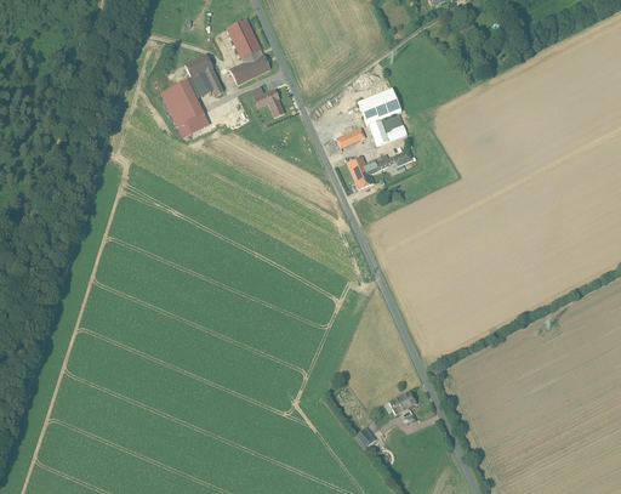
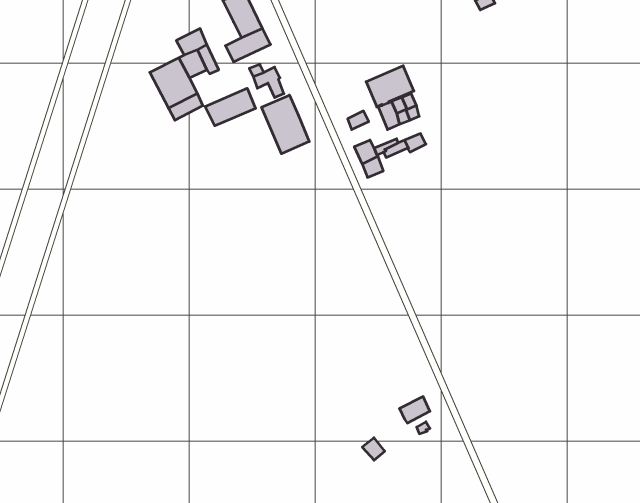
building: none -> [205,88,256,126]
building: none -> [262,95,309,154]

